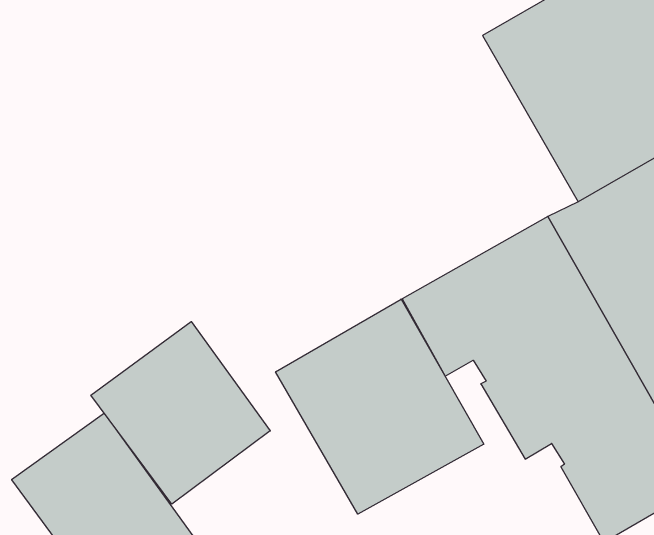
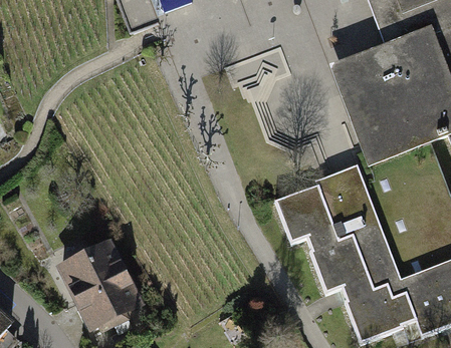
building: [276,299,484,514] -> none
building: [91,322,270,504] -> none

